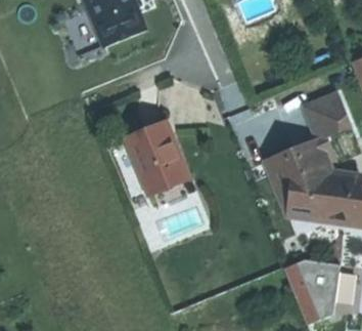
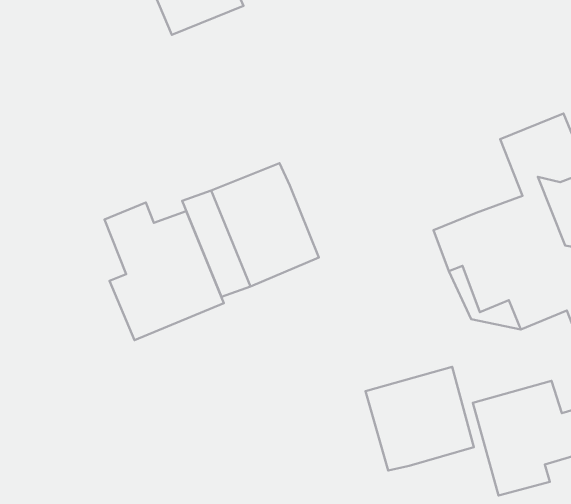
building: none -> [105,203,224,340]
building: none -> [365,367,474,471]

